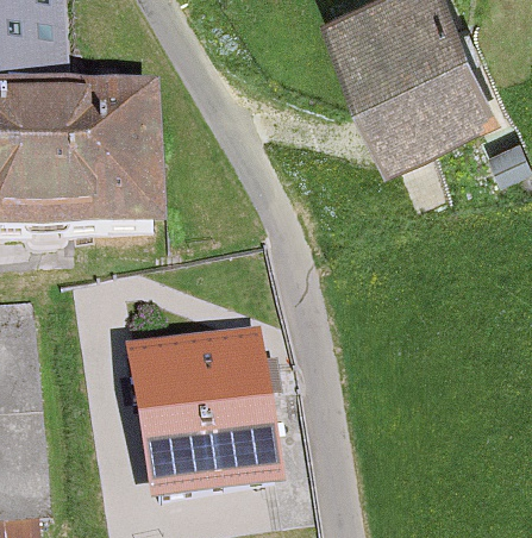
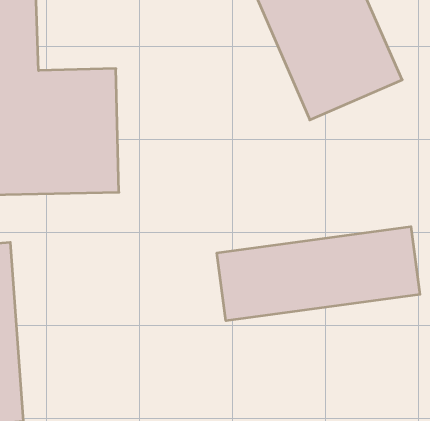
building: none -> [217,227,420,321]
building: [126,326,275,493] -> none

